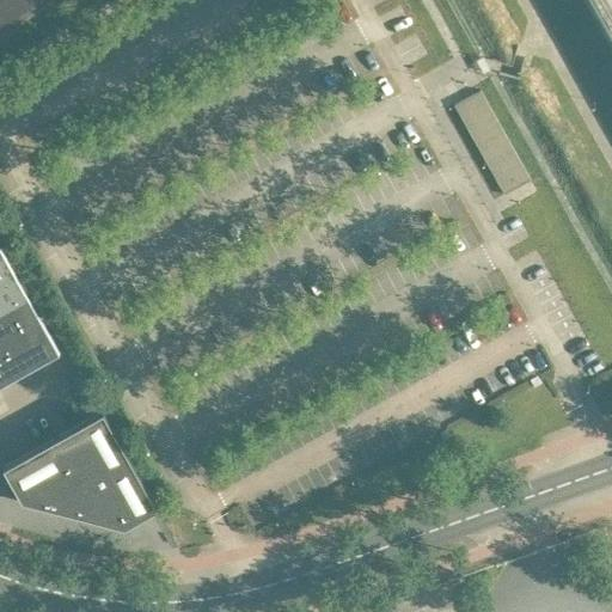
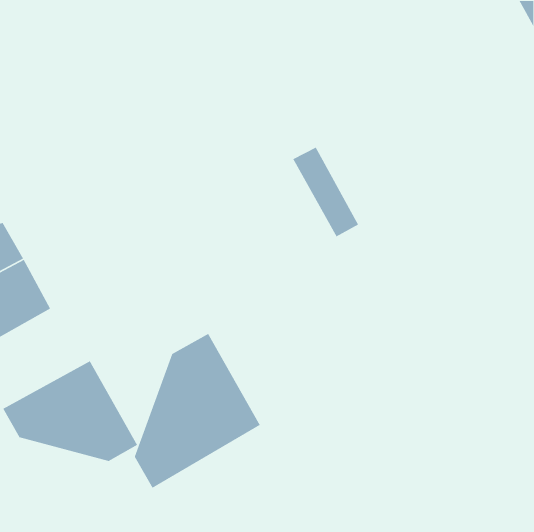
building: [453,93,530,197] -> [292,146,359,237]
building: none -> [134,333,261,489]

